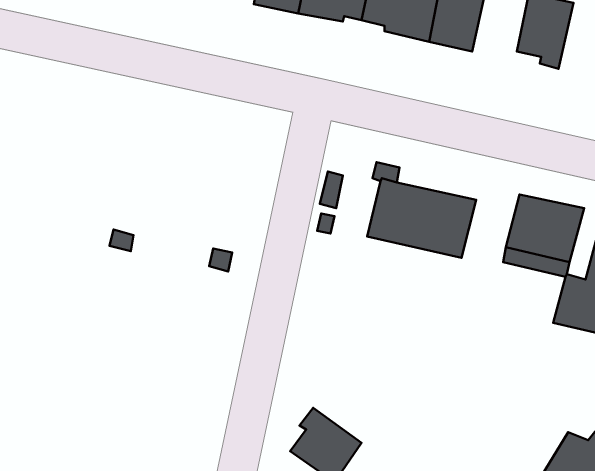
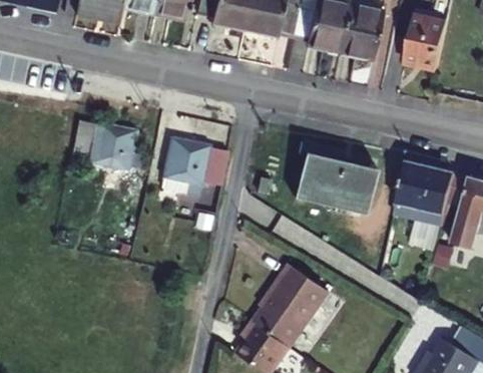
building: none -> [71,119,138,167]
building: none -> [163,138,228,193]
building: none -> [254,266,328,348]

